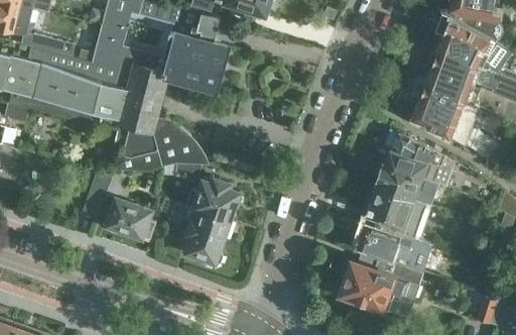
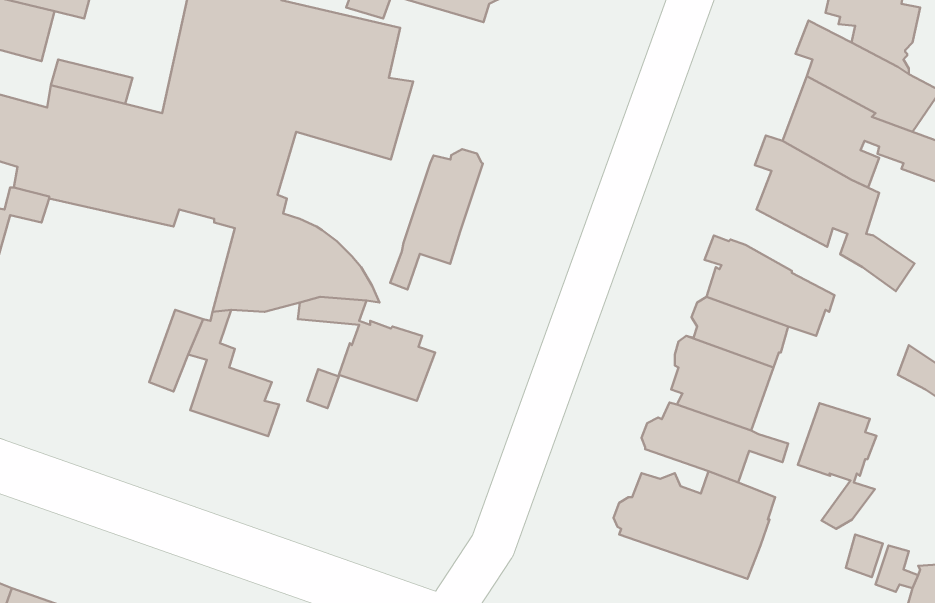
building: none -> [390,149,483,289]
building: [185,210,229,266] -> none
building: none -> [798,403,876,529]

